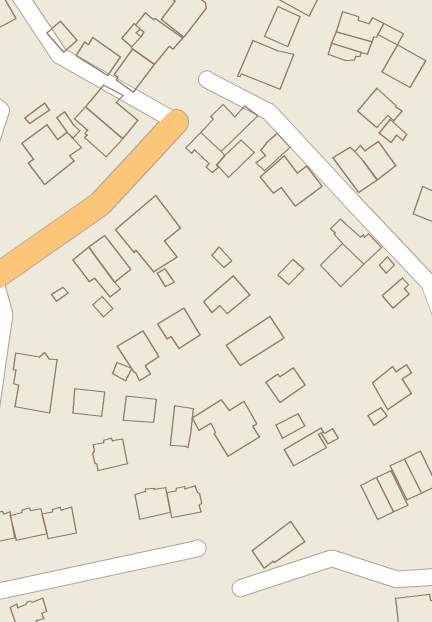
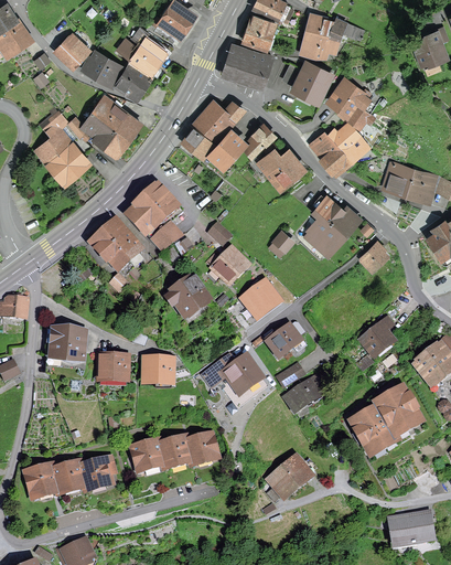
building: [382,45,426,88] -> [294,63,332,99]
building: [117,331,159,381] -> none
building: [171,406,193,448] -> none
building: [93,438,128,471] -> [132,441,163,470]

